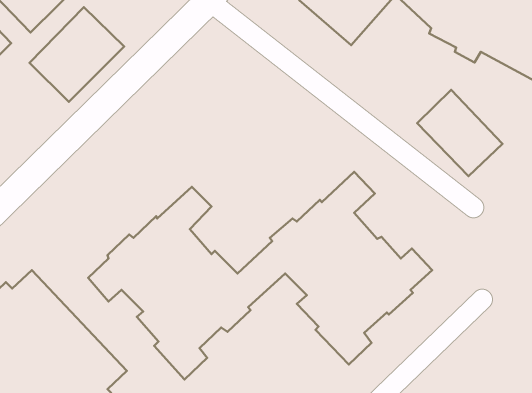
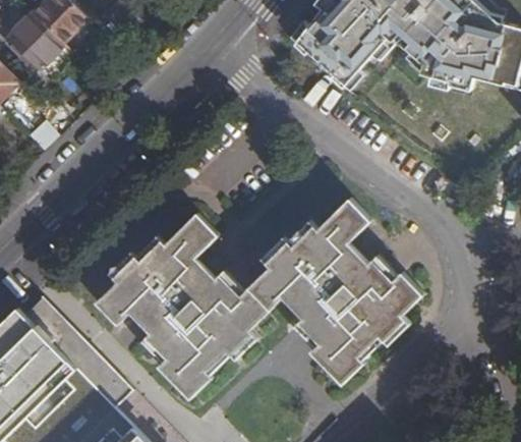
building: [30,7,124,102] -> none
building: [417,90,503,176] -> none

